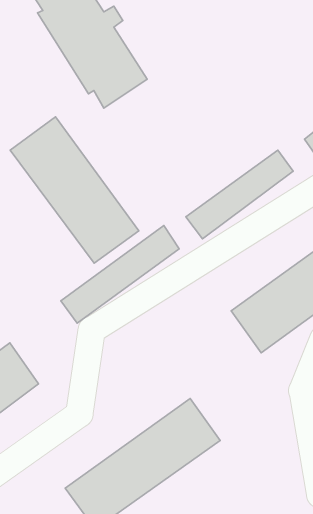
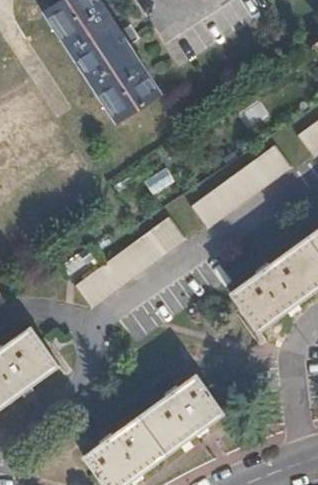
building: [10,117,139,263] -> none

